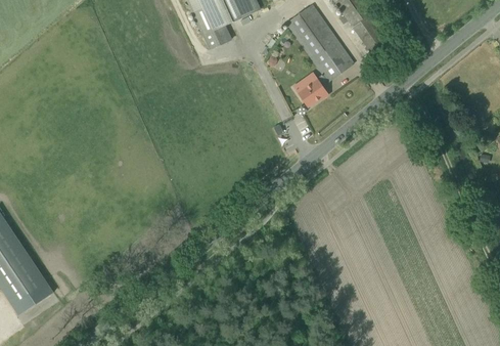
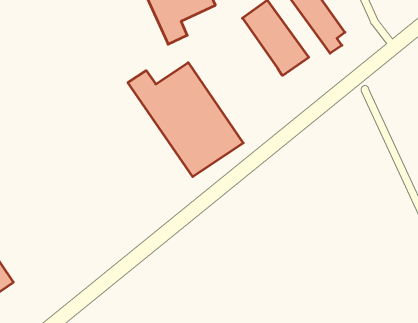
building: none -> [128,63,243,177]
building: [298,74,327,106] -> none

